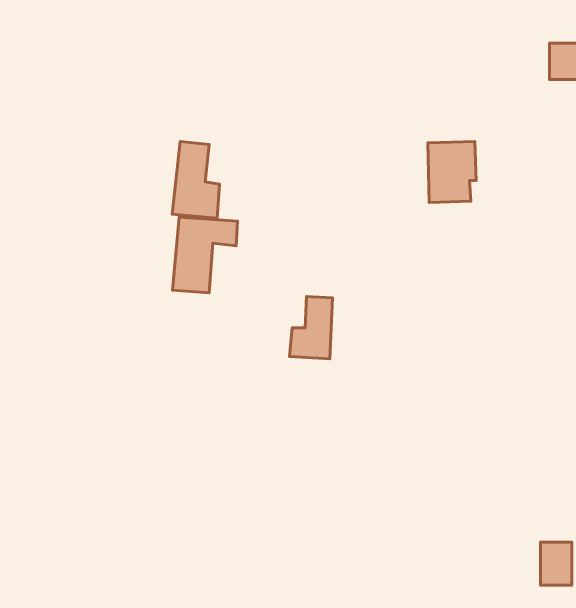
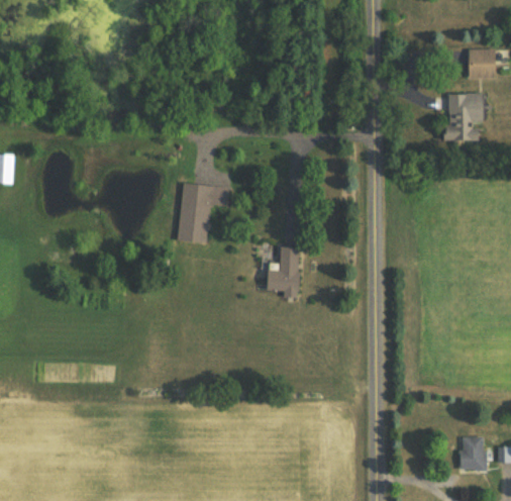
building: [428,141,476,202] -> [446,93,484,140]
building: [172,142,219,218] -> none

